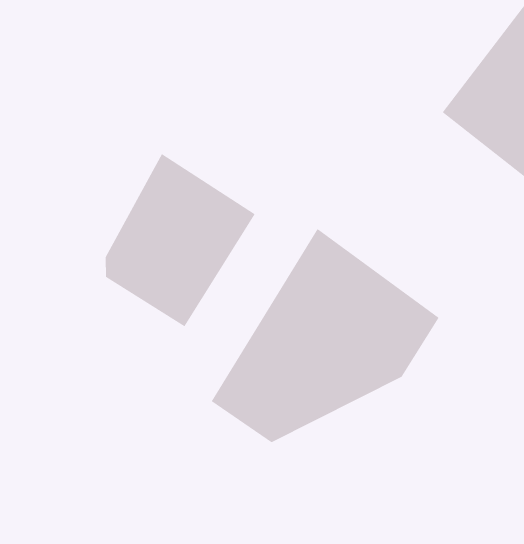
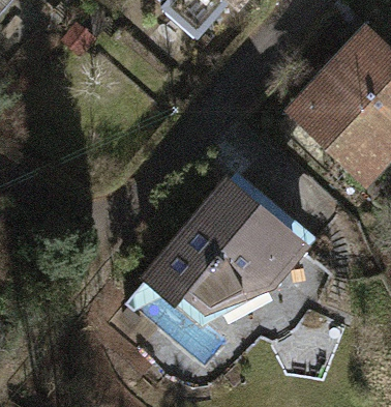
building: [105,153,255,327] -> none

